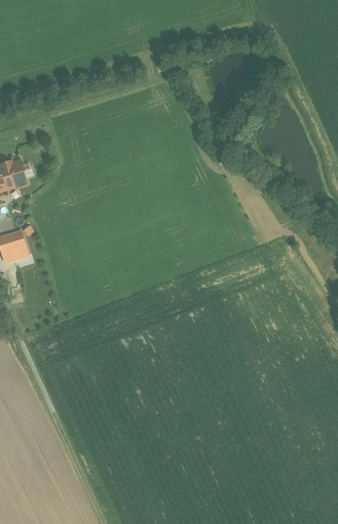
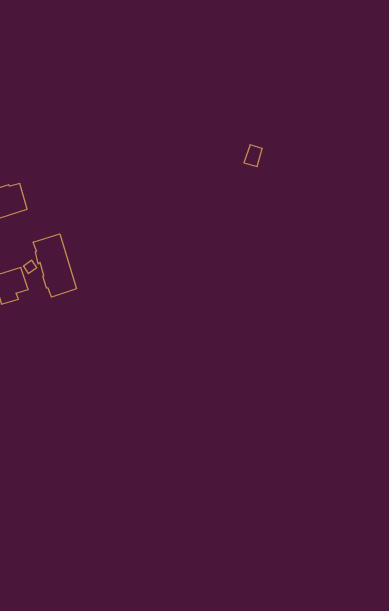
building: none -> [33,234,76,297]

